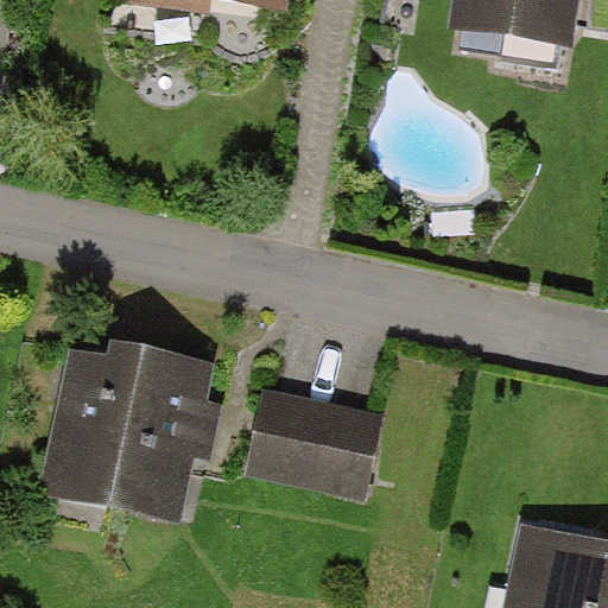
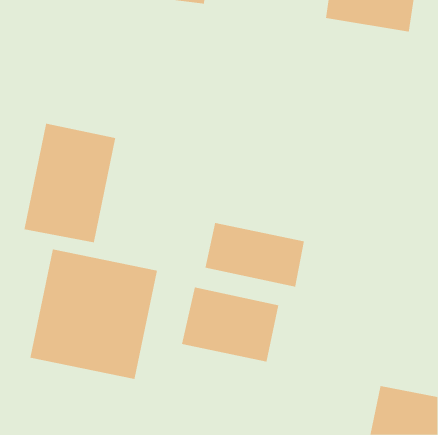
building: none -> [24,123,116,243]
building: none -> [205,222,304,287]

